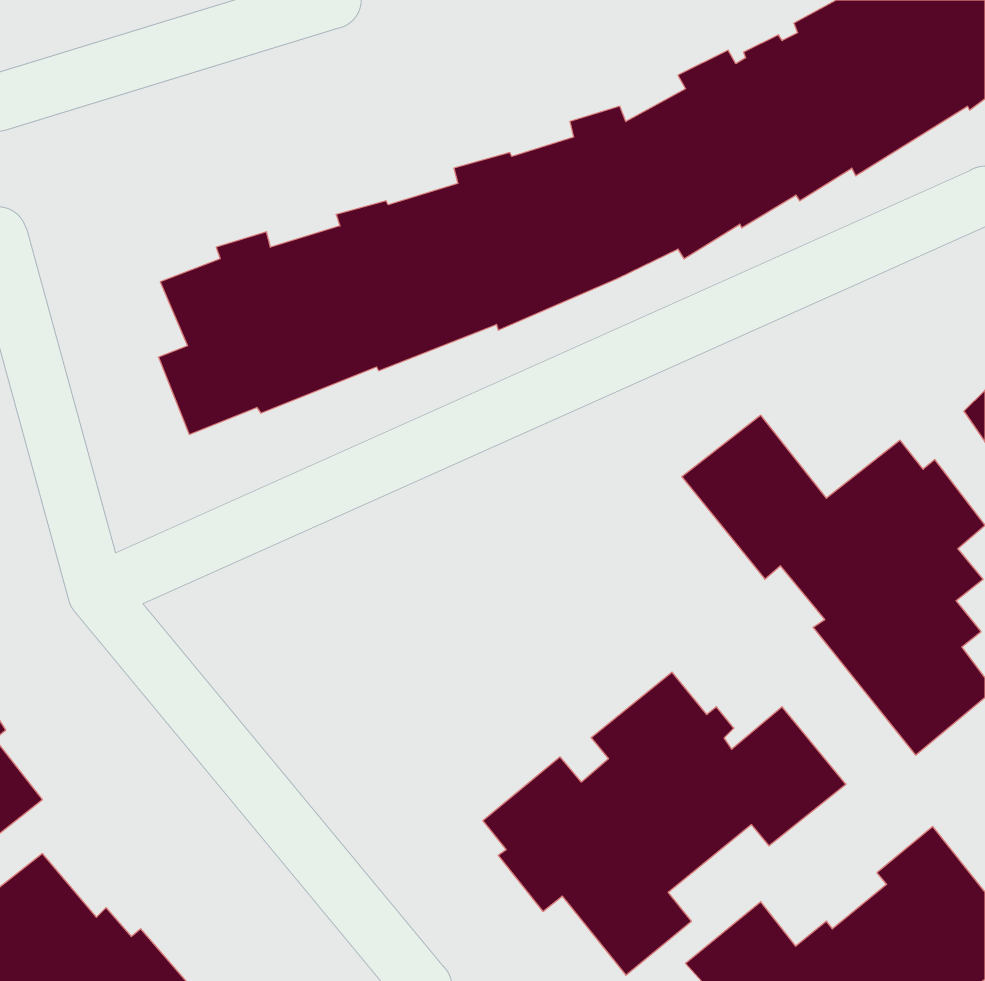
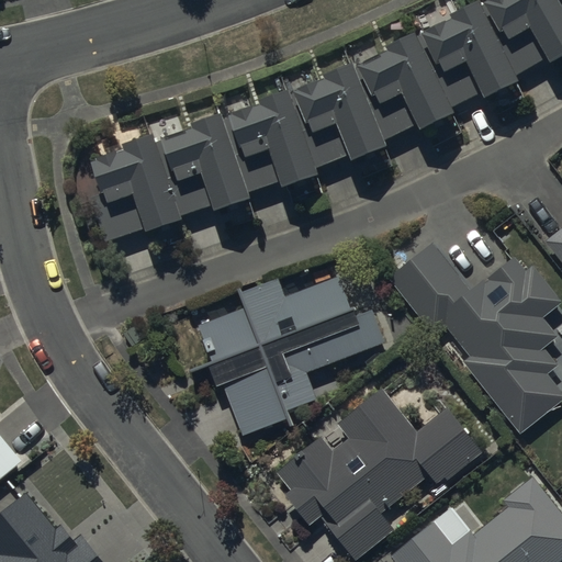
building: none -> [196,261,384,432]

